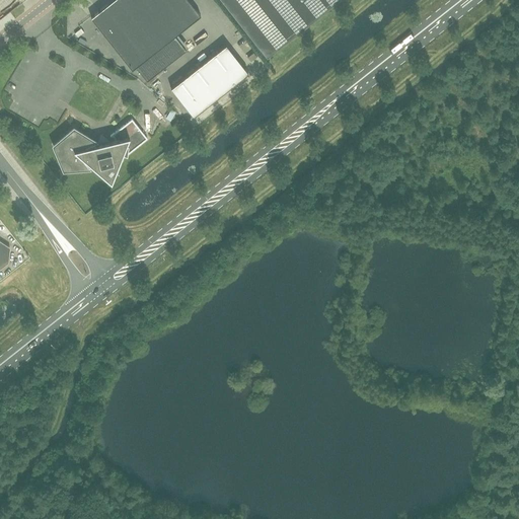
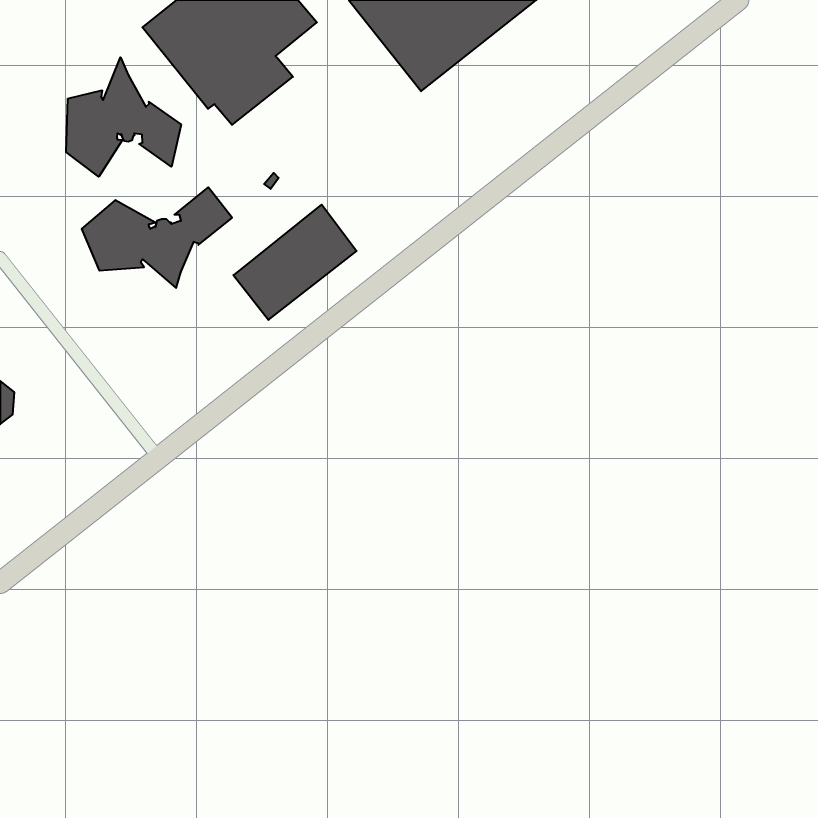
building: none -> [66,57,181,177]
building: [170,44,248,117] -> [233,205,357,320]

